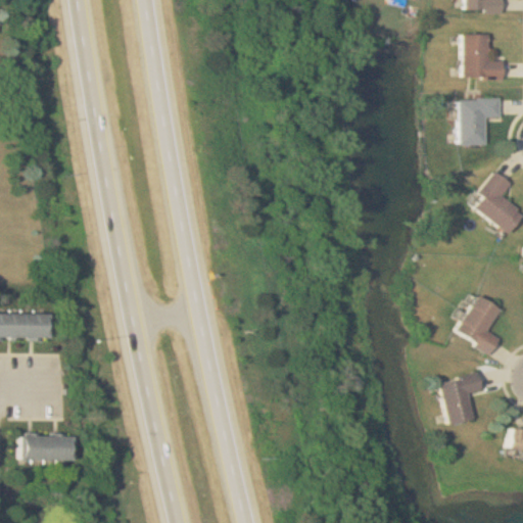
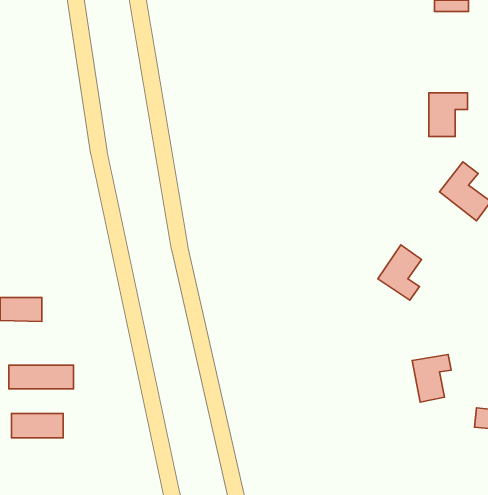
building: [463,33,503,78] -> none
building: [457,295,503,353] -> [378,245,421,300]
building: none -> [9,365,73,389]

